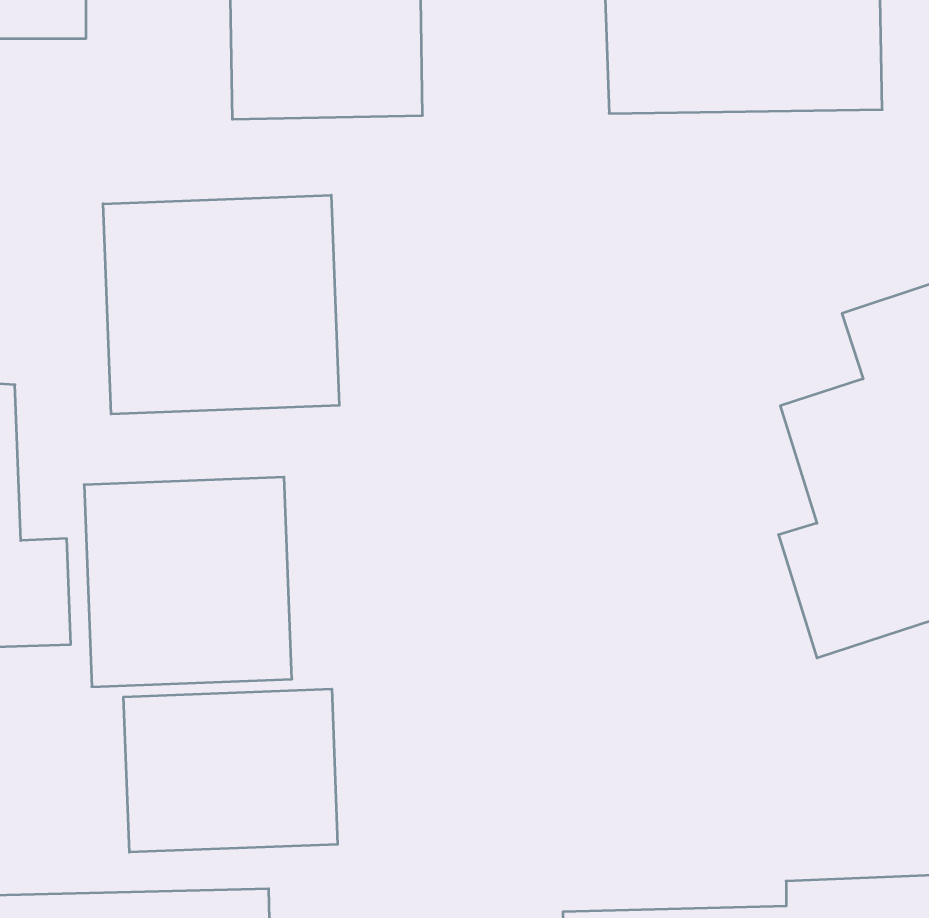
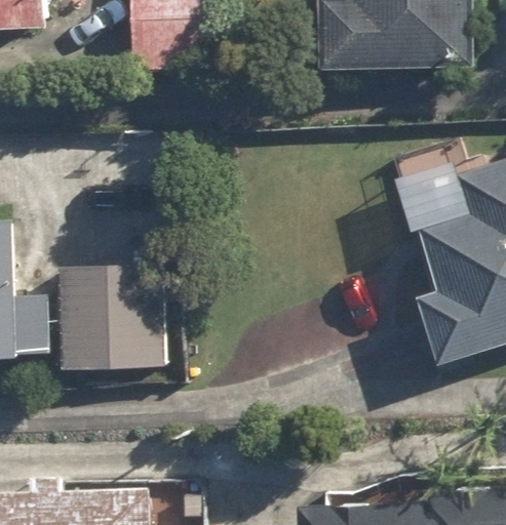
building: [103,195,339,414] -> none
building: [124,689,338,852] -> none

